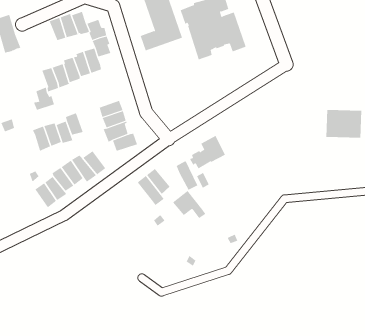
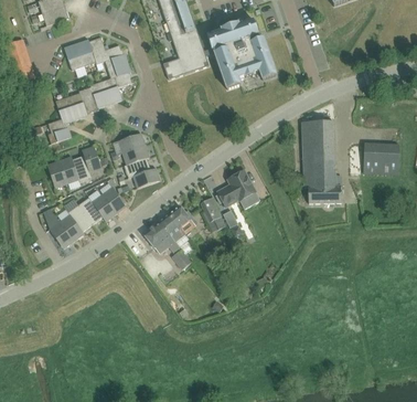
building: none -> [301,121,341,203]
building: [172,190,206,219] -> [142,221,179,252]

